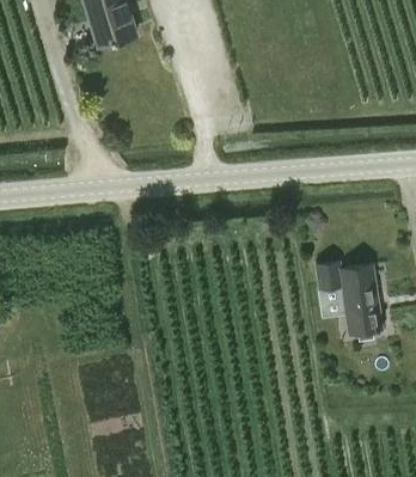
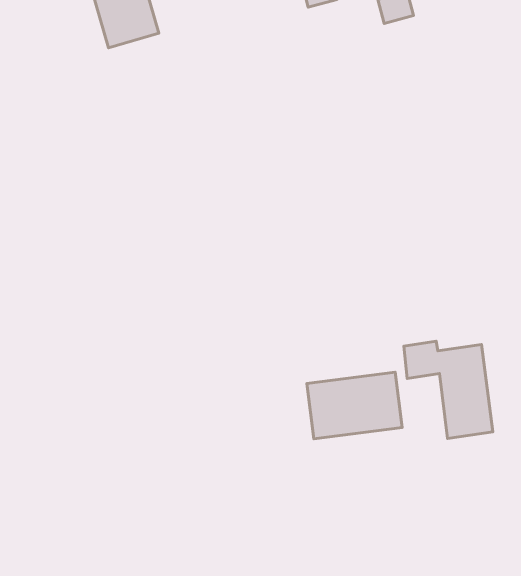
building: none -> [307,372,402,439]

